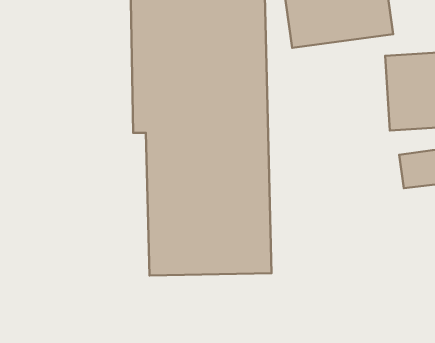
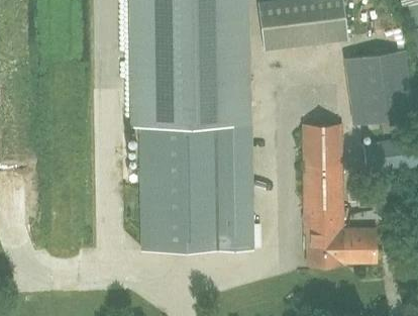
building: none -> [301,125,375,267]

